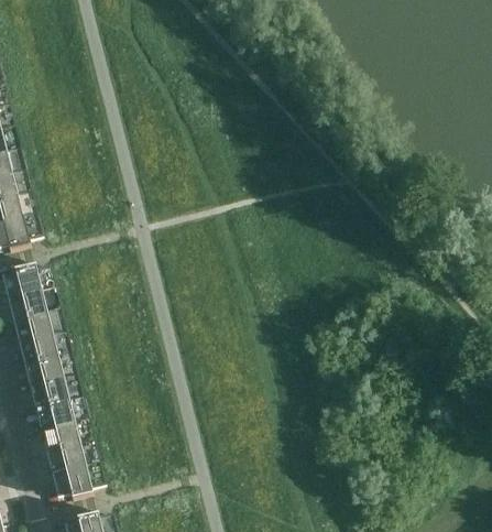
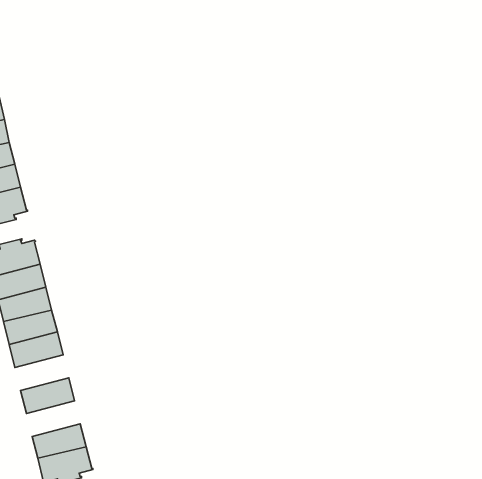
building: [22,376,74,410] -> none
building: [33,420,85,454] -> none

